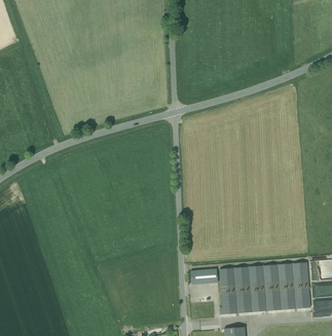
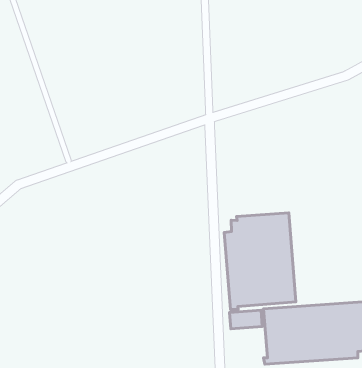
building: none -> [224,213,296,309]

